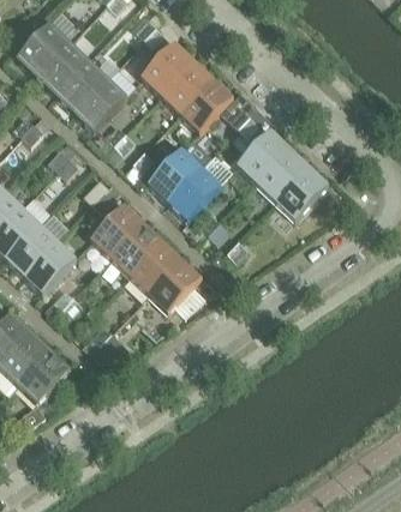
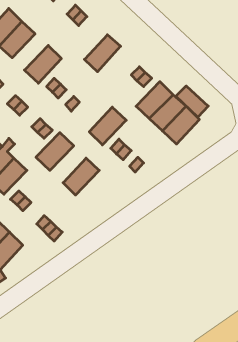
building: [139,41,193,96] -> none
building: [54,59,107,112] -> none
building: [179,77,233,132] -> none
building: none -> [176,86,208,117]
building: [146,146,201,201] -> none
building: [109,222,162,276] -> none
building: [146,258,201,313] -> none

